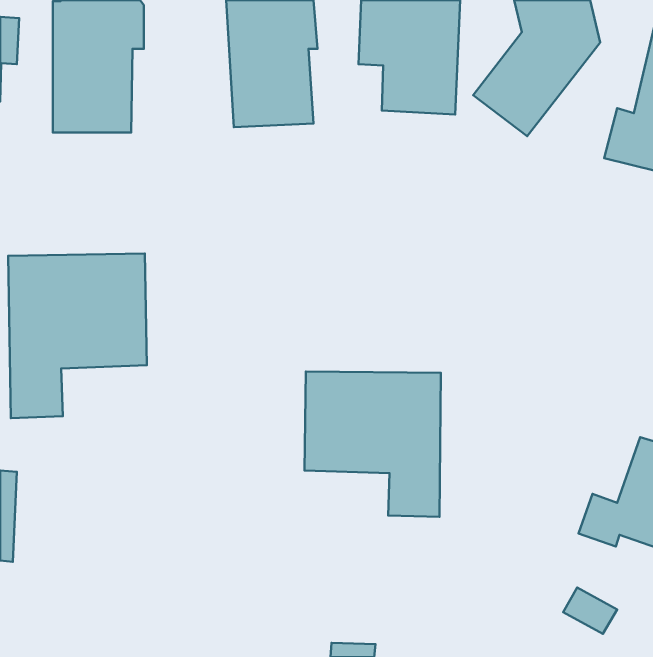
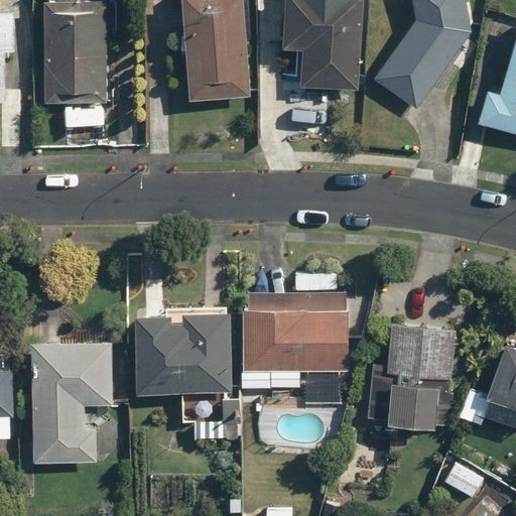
building: [8,254,147,418] -> none
building: none -> [132,313,241,420]
building: none -> [370,322,456,430]
building: none -> [30,339,114,463]

